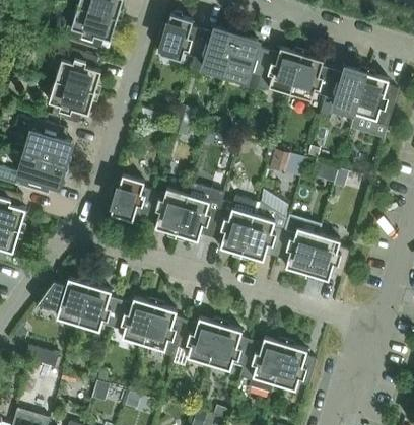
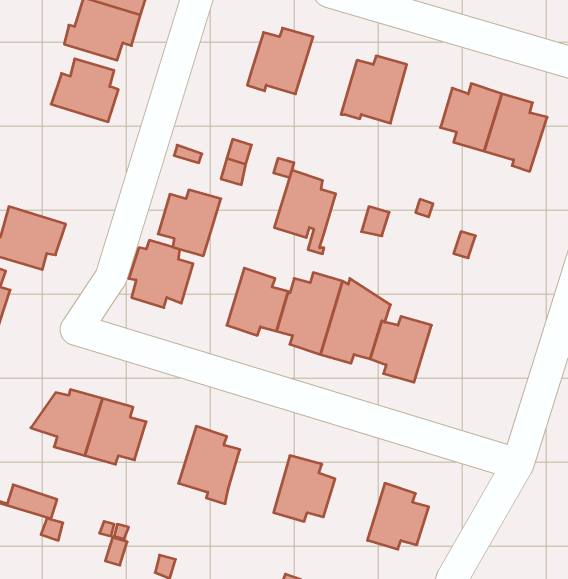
building: [156,15,202,61] -> none
building: [224,34,267,92] -> [274,170,336,254]
building: [290,54,333,100] -> none
building: [49,81,94,124] -> none
building: [25,119,71,164] -> none
building: [145,189,189,234] -> [158,190,221,256]
building: [306,234,350,281] -> none
building: [113,298,155,344] -> none
building: [178,317,220,364] -> none
building: [240,338,286,395] -> none

